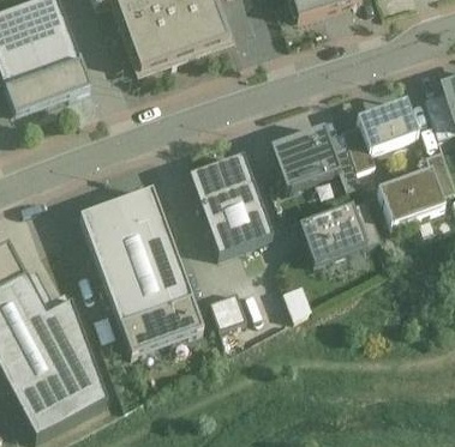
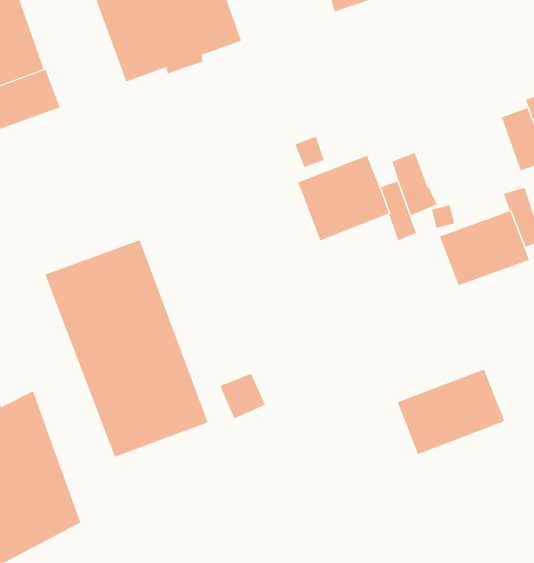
building: [357,97,418,147] -> none
building: [188,153,273,253] -> none
building: [299,197,381,261] -> [397,369,505,455]

